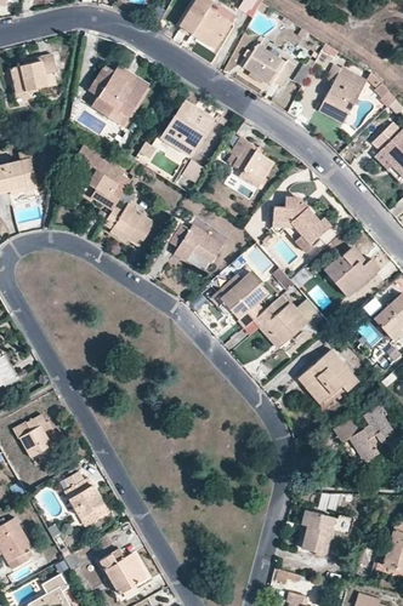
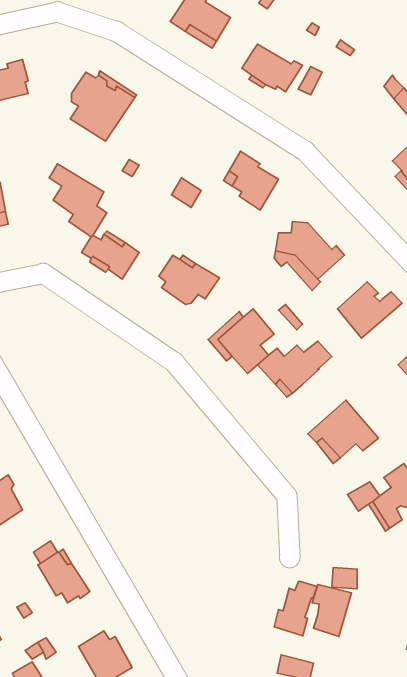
building: [319,63,363,122] -> none
building: [161,99,212,155] -> none
building: none -> [274,581,317,636]

